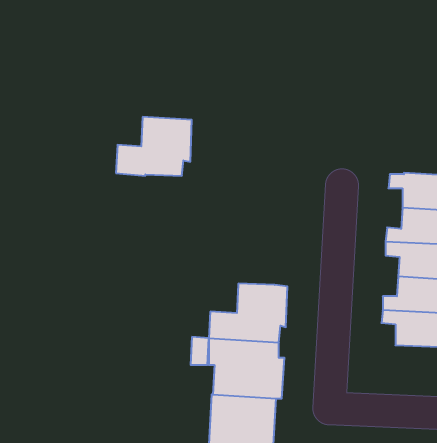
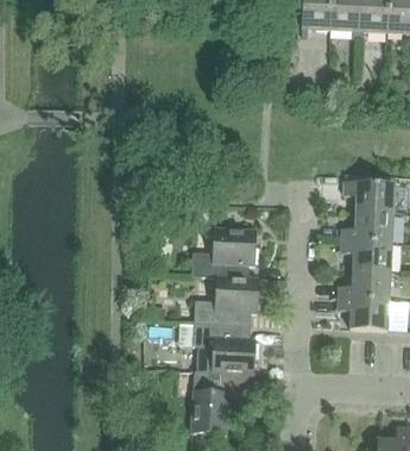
building: [116,117,192,176] -> [191,226,256,276]

